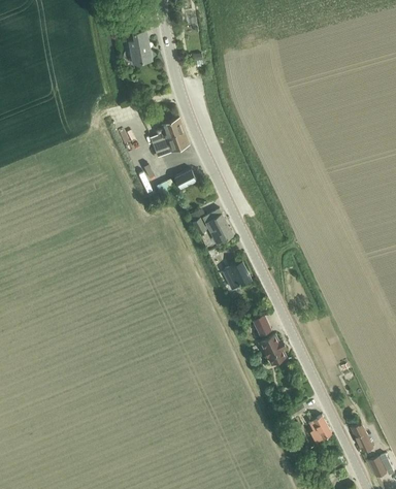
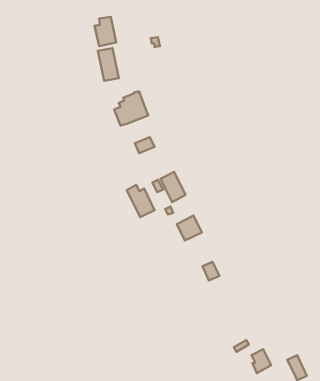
building: none -> [98,48,119,81]
building: none -> [127,185,155,217]
building: [261,334,287,364] -> none

